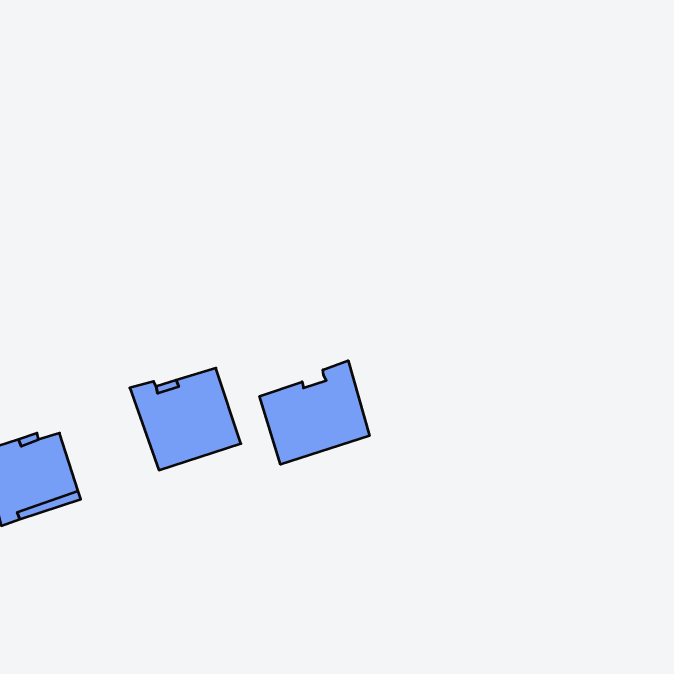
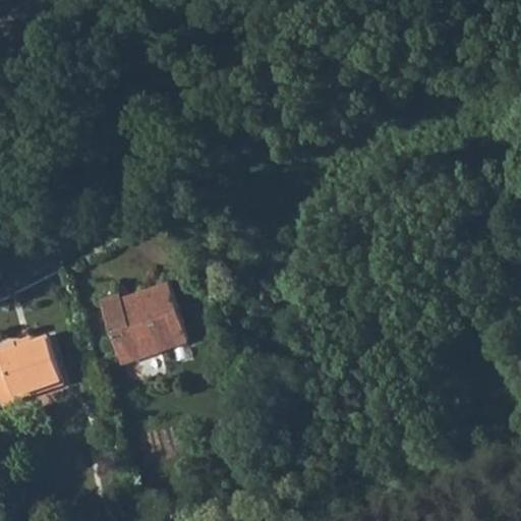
building: [260,361,369,464] -> none

